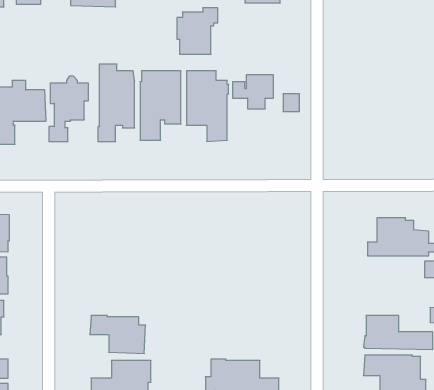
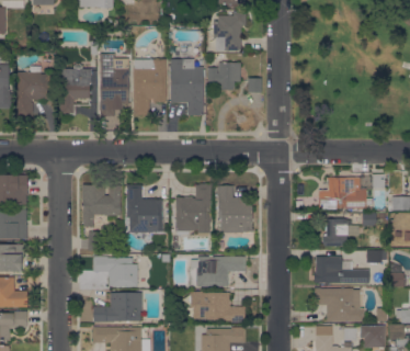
building: [177,8,218,54] -> [214,13,247,50]
building: none -> [82,184,122,227]
building: none -> [127,185,163,233]
building: none -> [175,185,214,237]
building: none -> [217,186,253,233]
building: none -> [323,218,360,246]
building: none -> [190,257,246,288]

